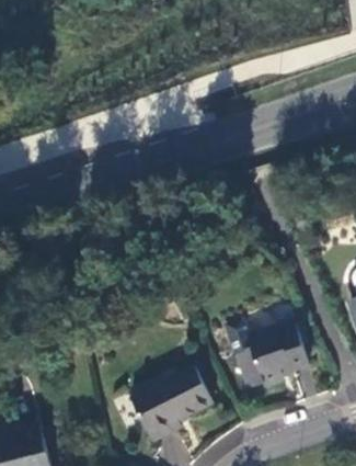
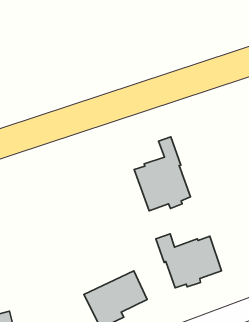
building: none -> [134,137,190,211]

